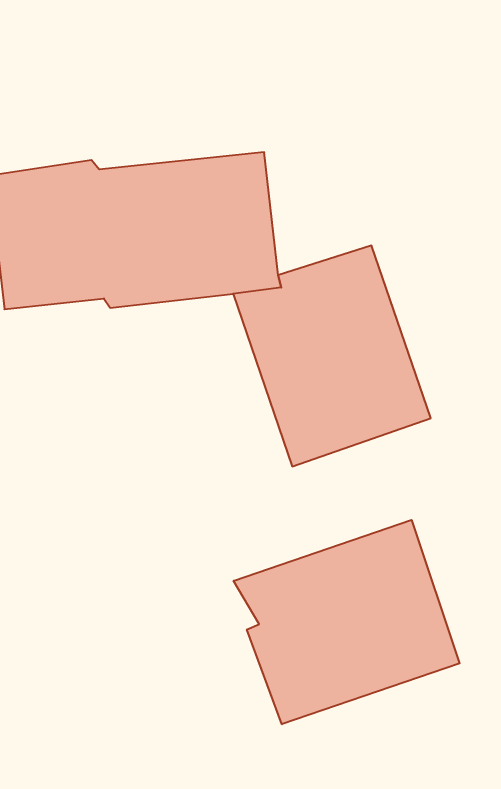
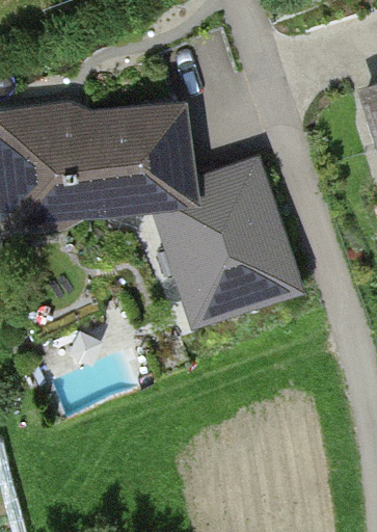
building: [234,520,460,724] -> none

